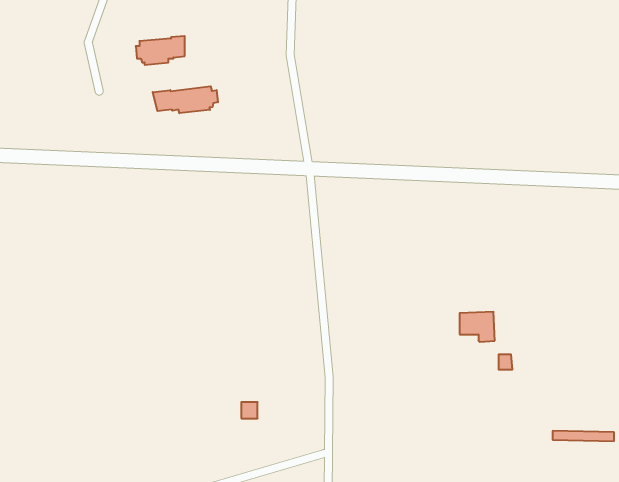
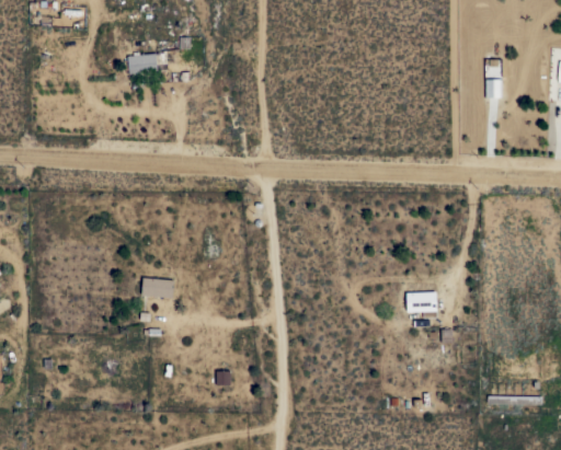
building: [153,86,218,113] -> none
building: none -> [142,277,175,298]

